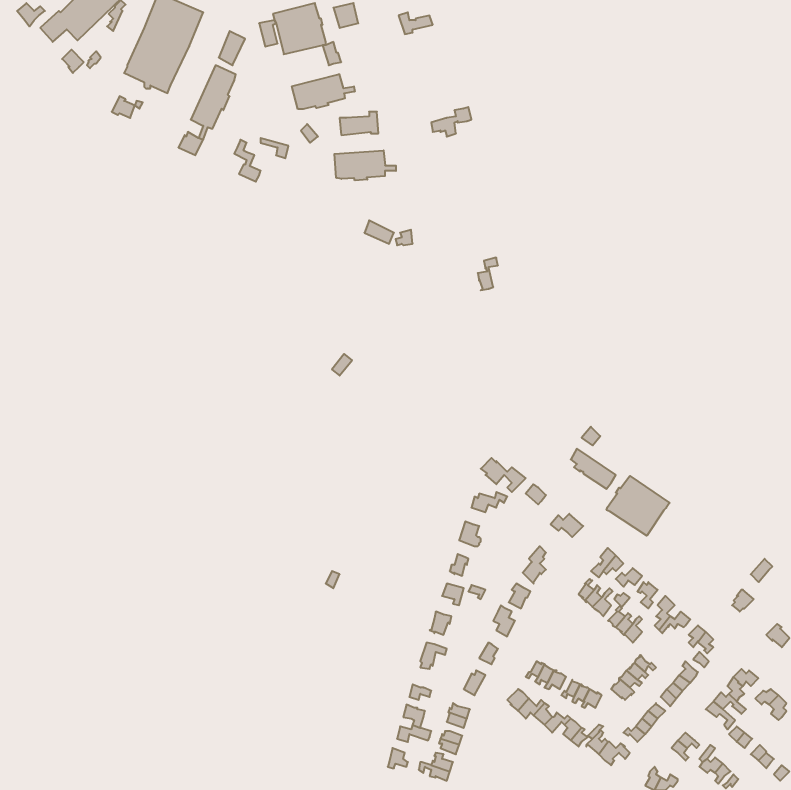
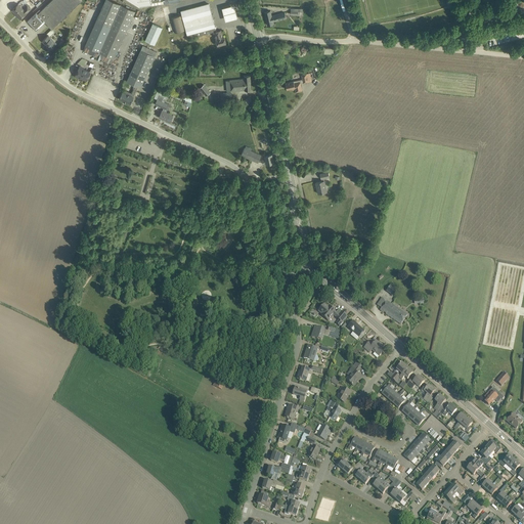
building: [292,74,355,109] -> none
building: [334,150,396,180] -> none
building: [607,476,670,536] -> none

